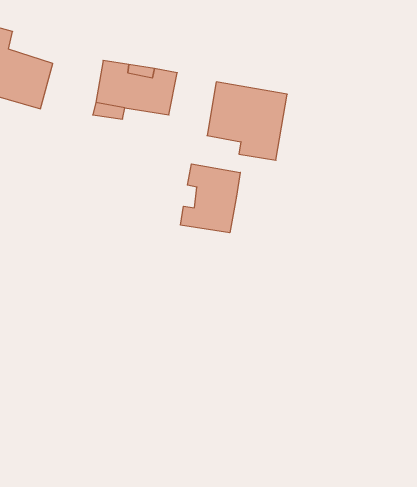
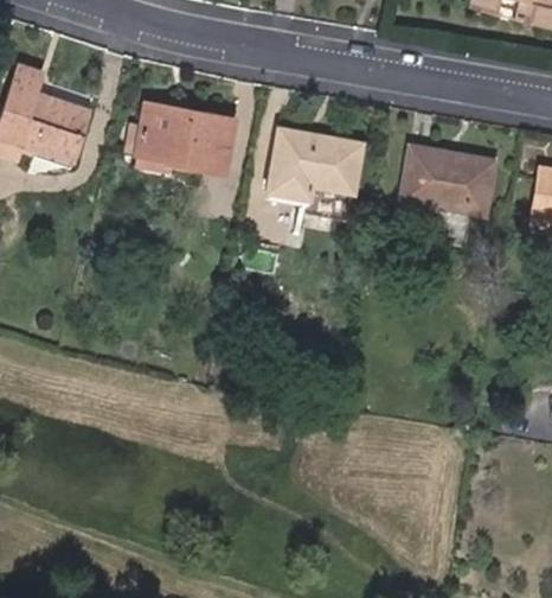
building: none -> [392,141,484,236]
building: [181,164,240,233] -> none

